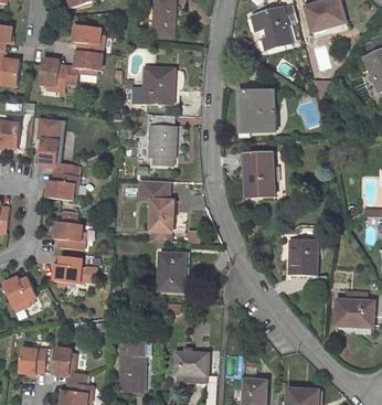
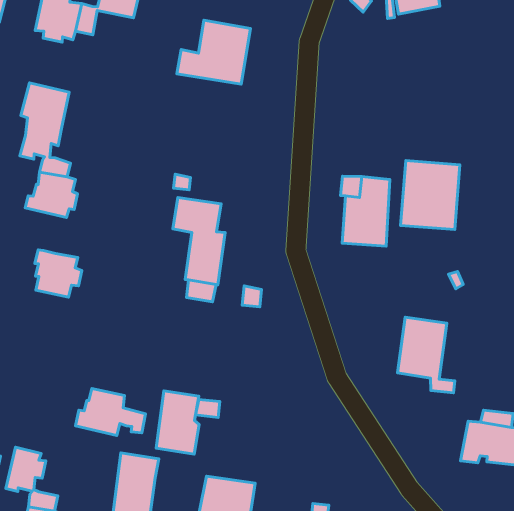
building: [240,92,275,134] -> [401,161,460,230]
building: [148,115,176,166] -> none
building: [159,254,184,291] -> [156,391,199,454]
building: [52,257,95,285] -> [75,389,146,435]

